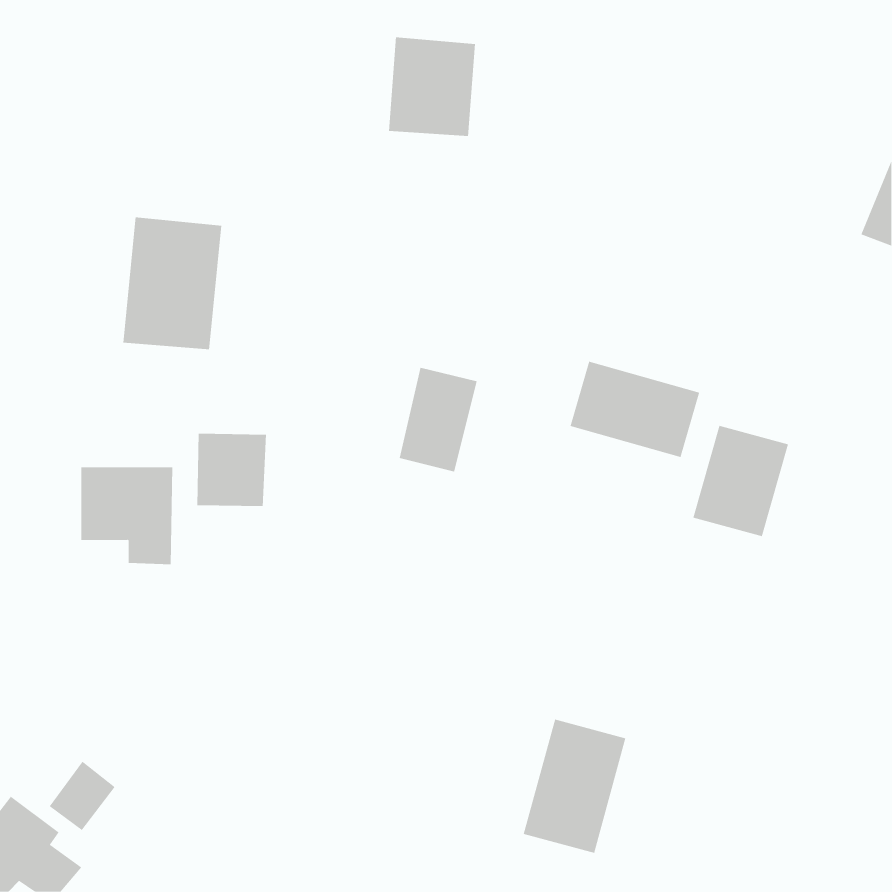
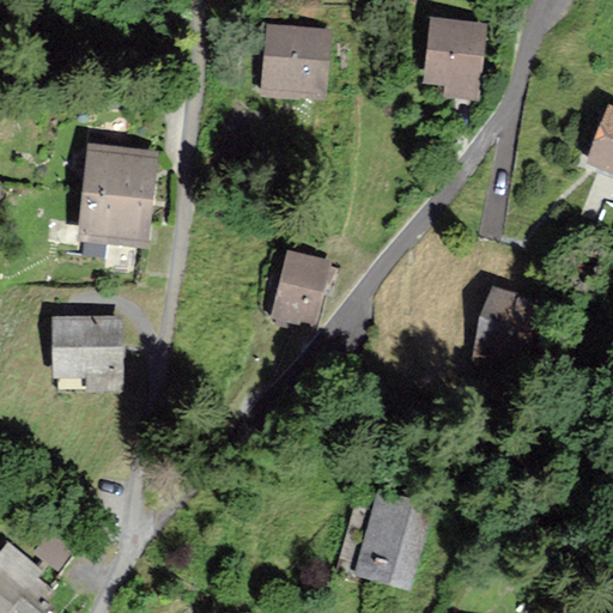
building: none -> [426,20,484,97]
building: [570,361,700,458] -> none
building: [197,433,267,507] -> none

